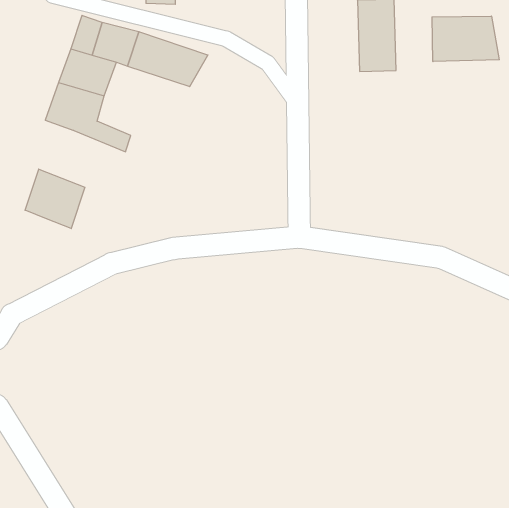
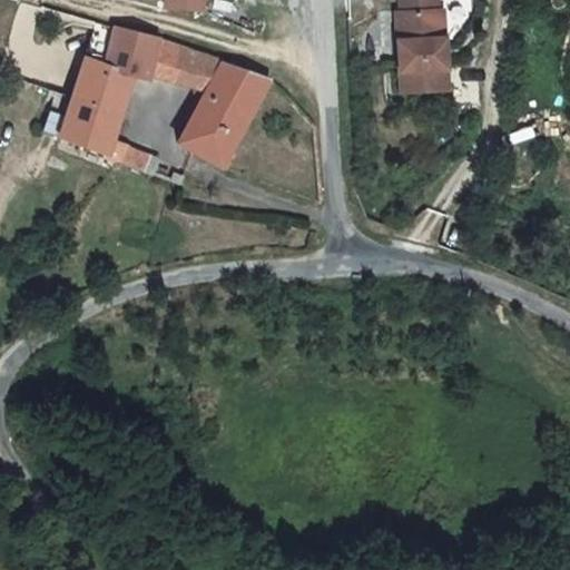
building: [432,16,499,62] -> none
building: none -> [179,65,272,166]
building: [25,169,85,229] -> none

